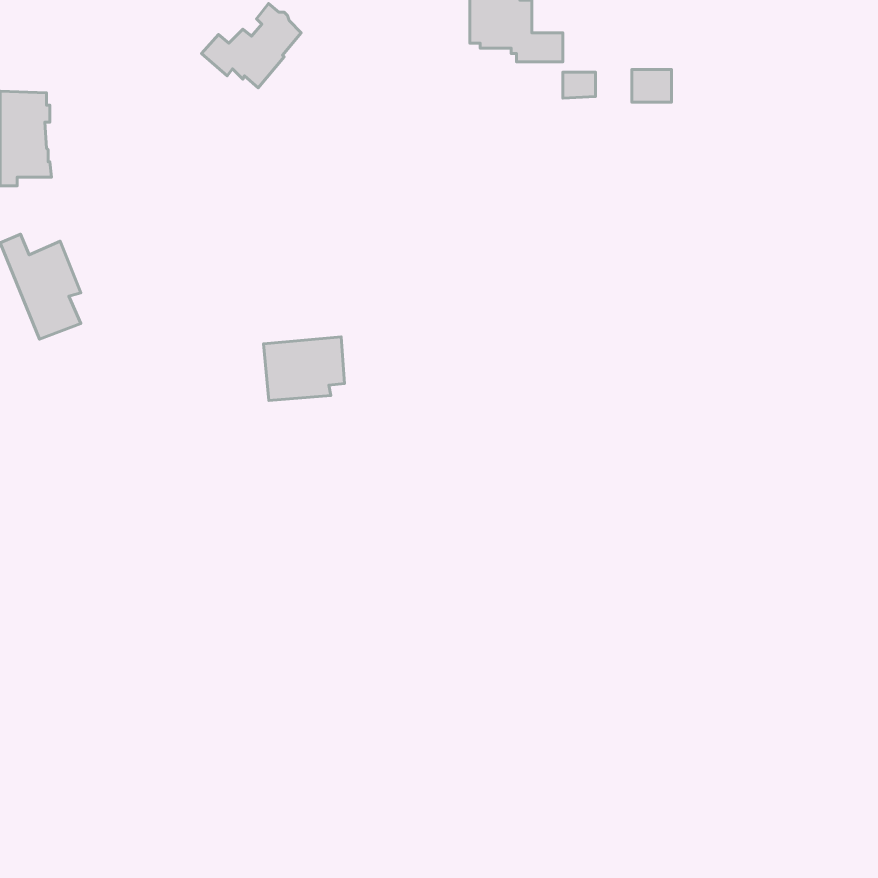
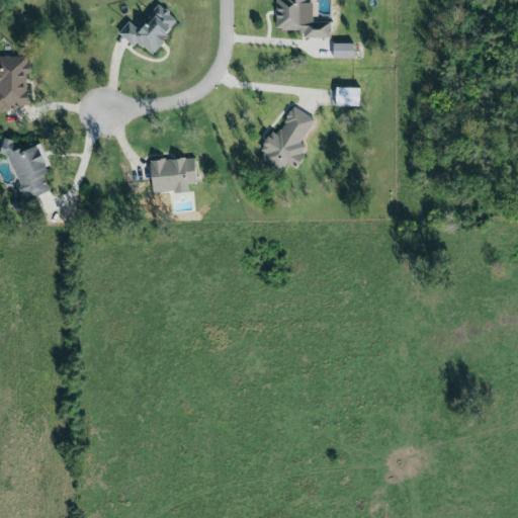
building: [632,70,671,102] -> [334,86,357,105]
building: none -> [258,104,314,172]
building: [264,337,344,401] -> [148,156,195,193]

